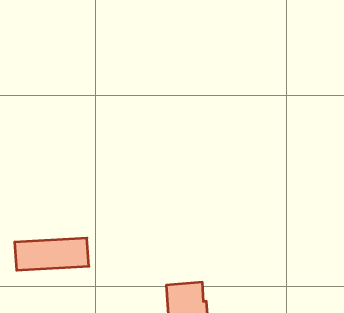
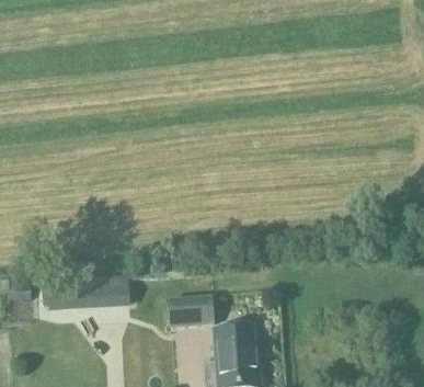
building: none -> [168,296,210,325]

